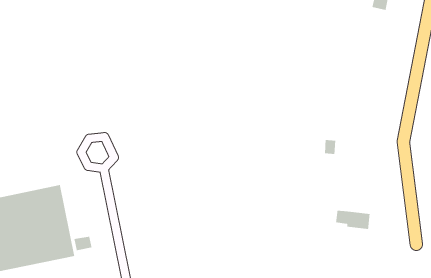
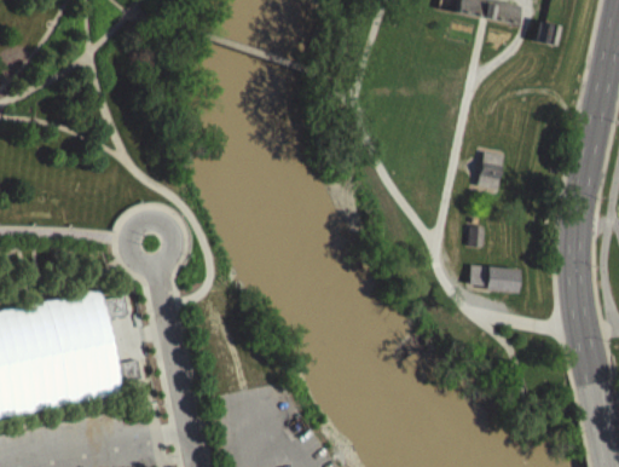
building: none -> [478,151,504,190]
building: [335,210,371,230] -> [469,265,519,293]

